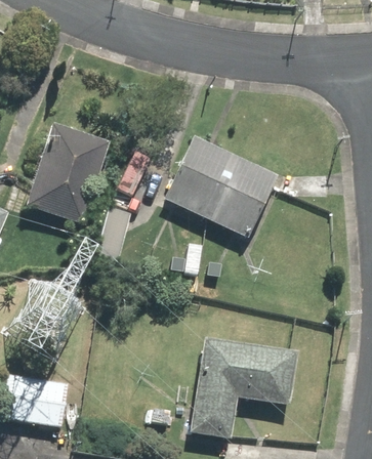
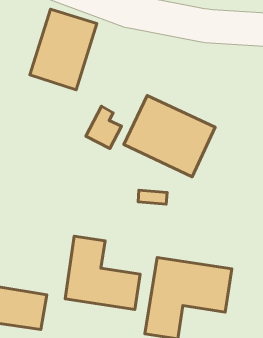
building: [26,125,109,224] -> [30,9,97,90]
building: none -> [65,236,140,310]

